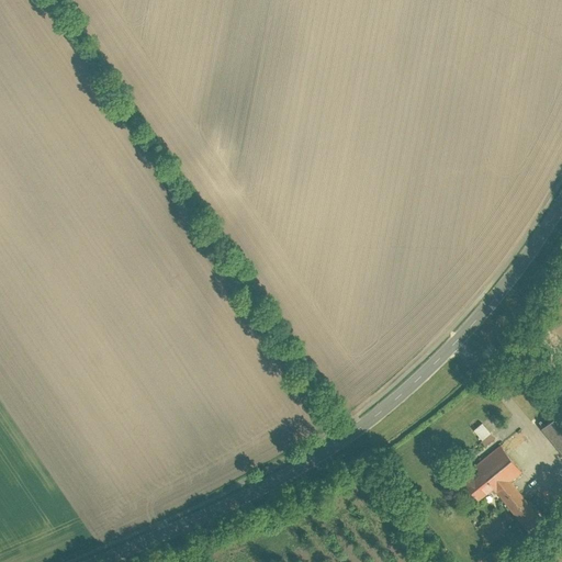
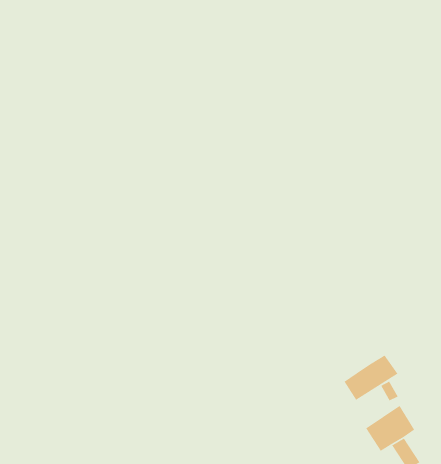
building: none -> [343,354,398,401]

